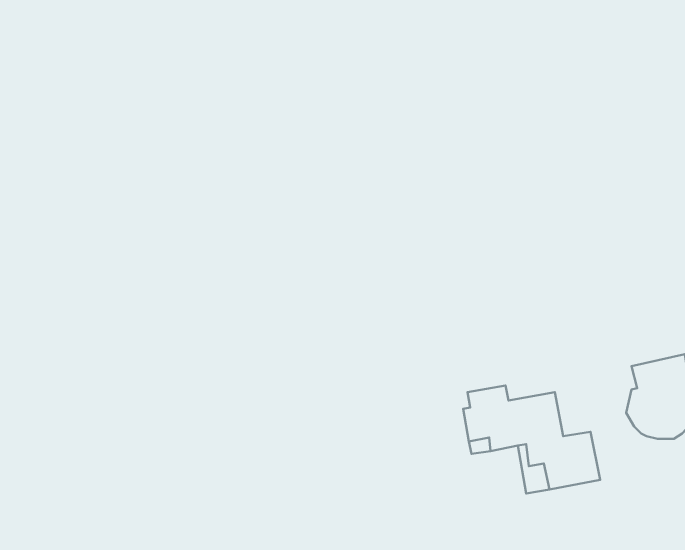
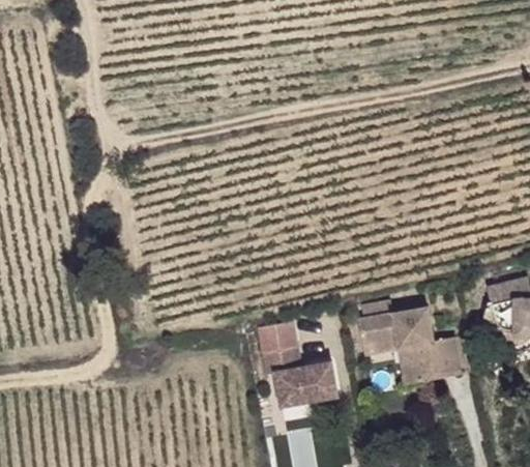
building: none -> [257,321,338,405]

